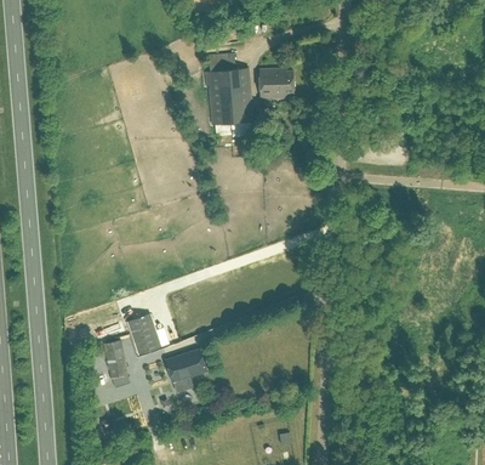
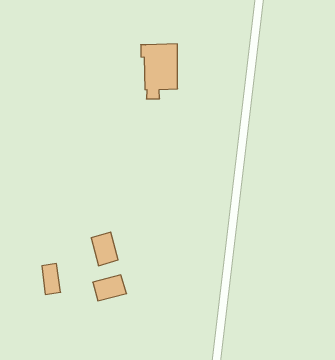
building: [258,68,292,98] -> none
building: [126,313,160,355] -> [91,232,118,266]

